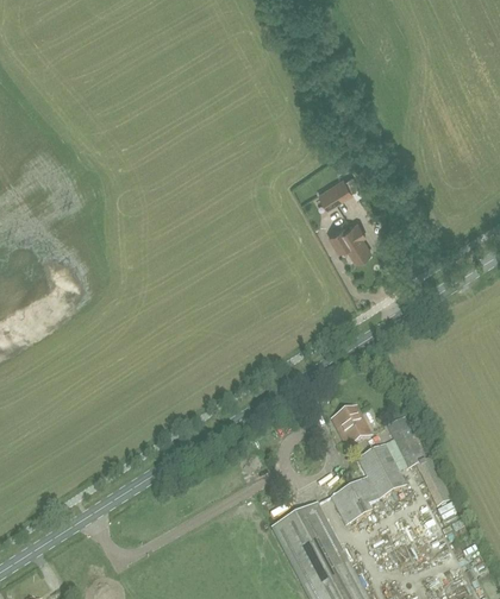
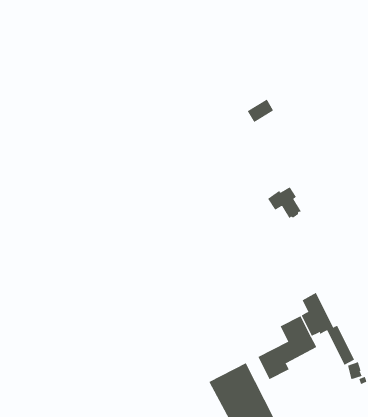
building: [327,220,370,260] -> [267,186,302,219]
building: [331,405,370,447] -> none

